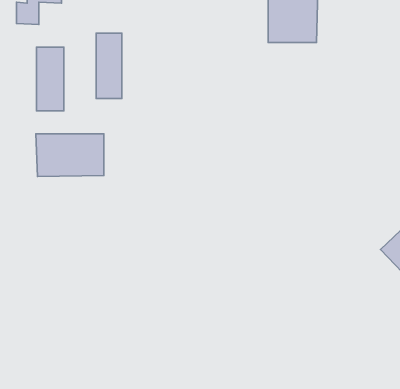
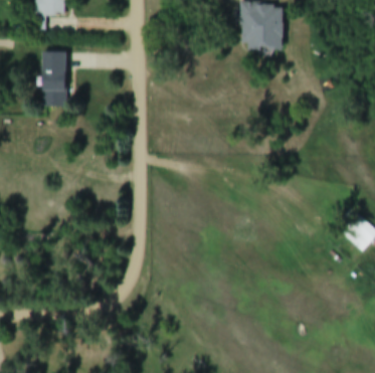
building: [96,33,122,99] -> none
building: [36,134,104,177] -> none

